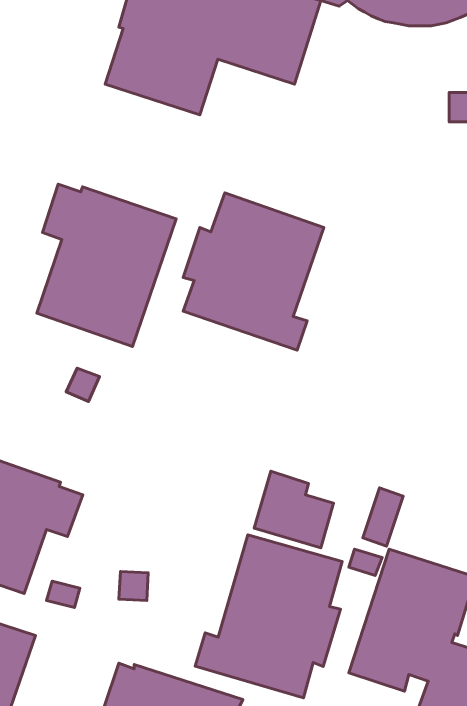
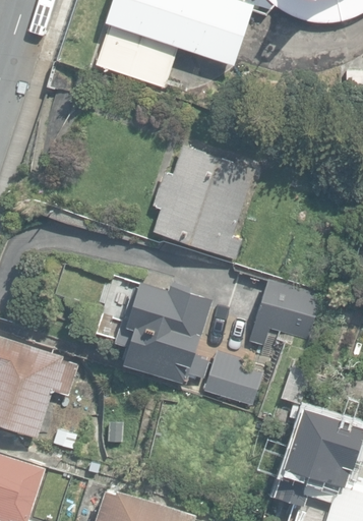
building: [37,184,176,347] -> none
building: none -> [248,278,327,346]
building: none -> [115,281,214,384]
building: [195,535,342,698] -> none

